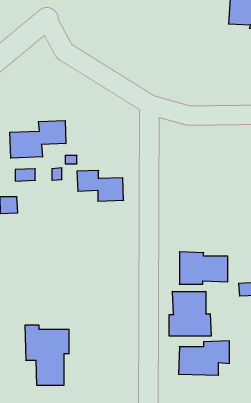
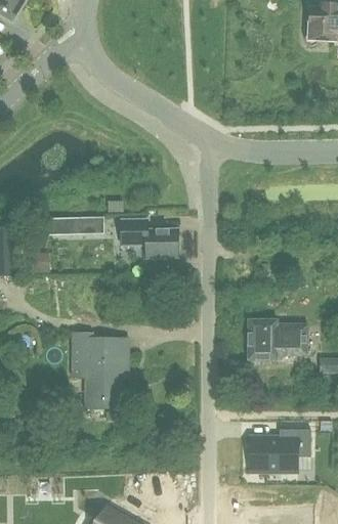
building: [10,121,66,158] -> none
building: [169,291,211,336] -> none
building: [25,325,69,385] -> [74,335,128,408]

